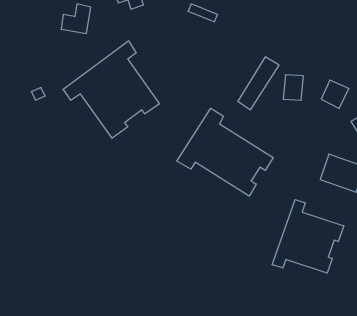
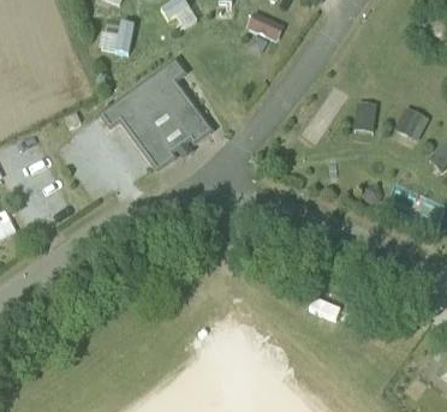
building: [177,108,273,196] -> none
building: [272,200,344,273] -> none

